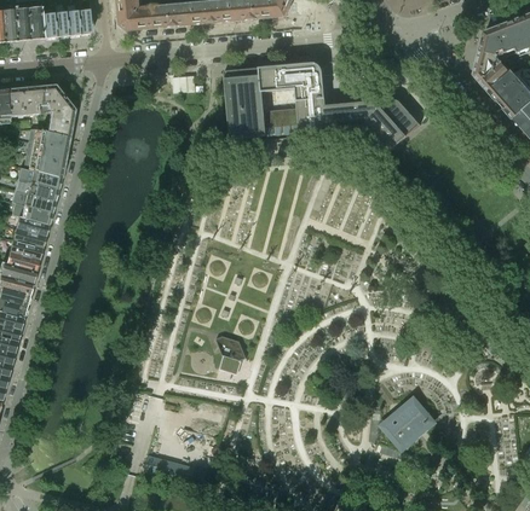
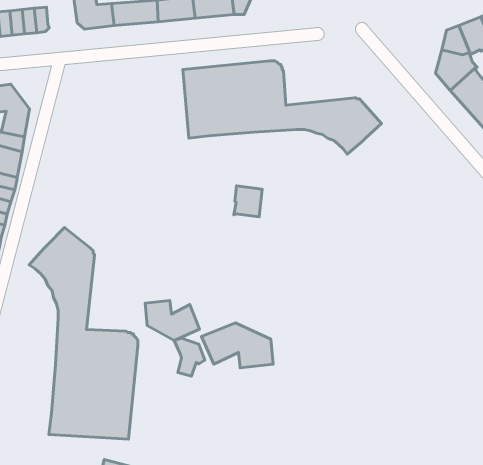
building: none -> [234,186,262,217]
building: none -> [29,227,138,439]
building: none -> [145,300,199,341]
building: none -> [202,323,273,368]
building: [391,405,427,440] -> none

